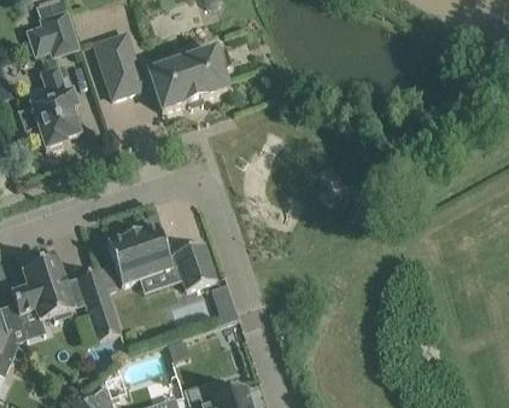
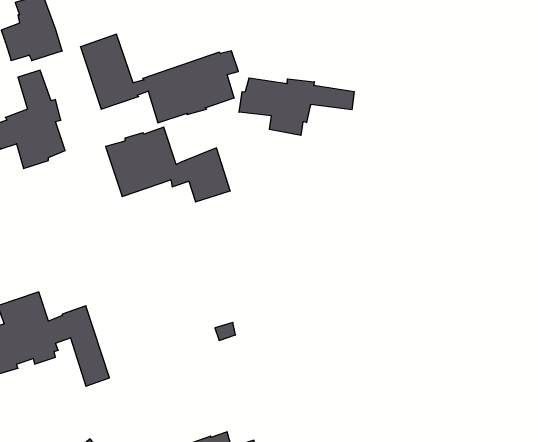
building: none -> [239,78,354,135]
building: [106,223,215,288] -> [106,127,230,202]

